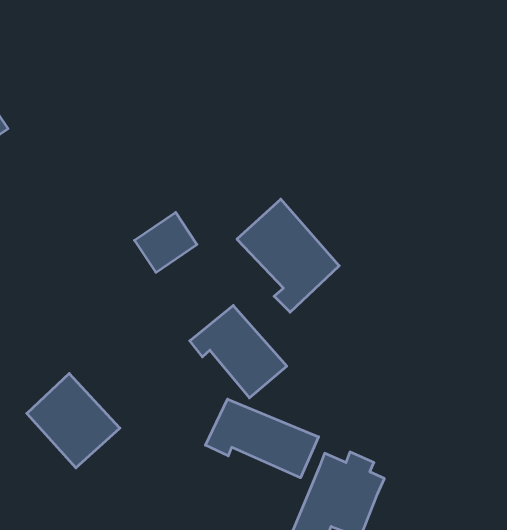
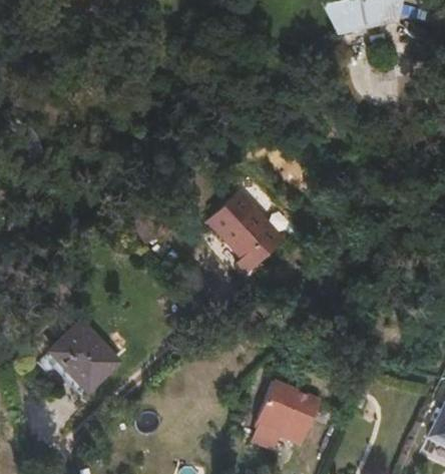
building: [190,305,287,398] -> none
building: [205,399,319,478] -> none

